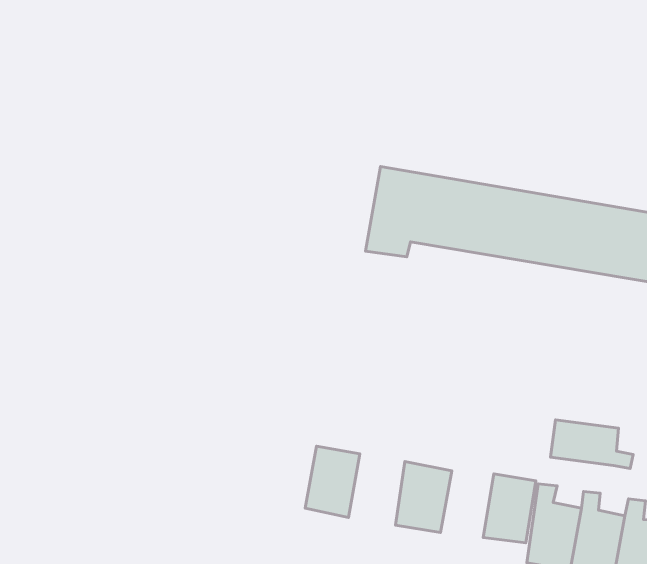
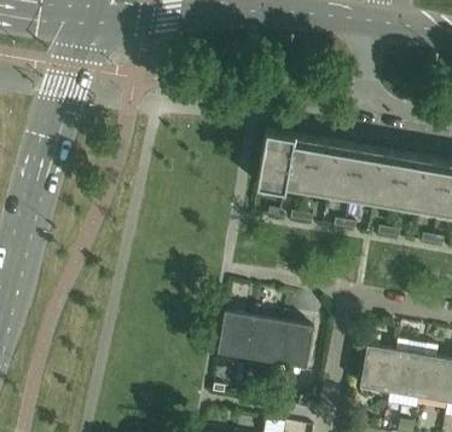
building: [551,420,633,469] -> none
building: none -> [247,318,283,364]
building: [483,474,536,543] -> none

